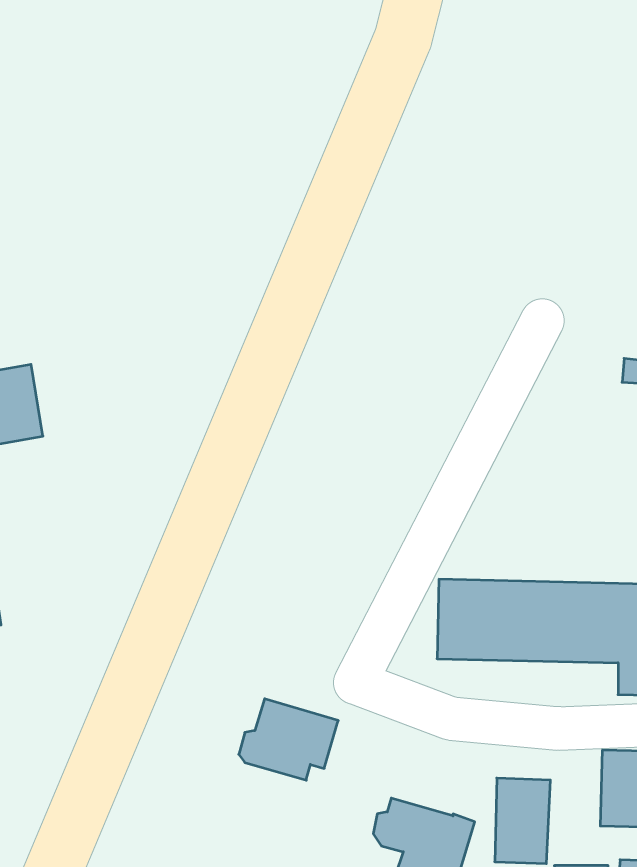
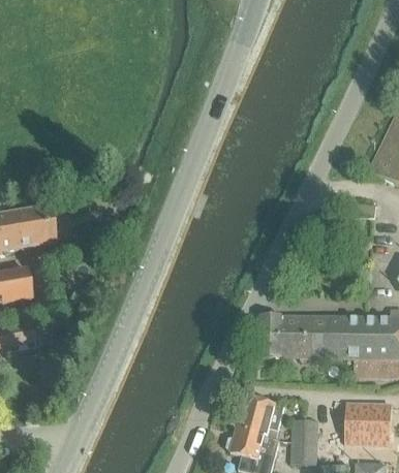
building: [239,699,338,780] -> [233,396,284,438]

